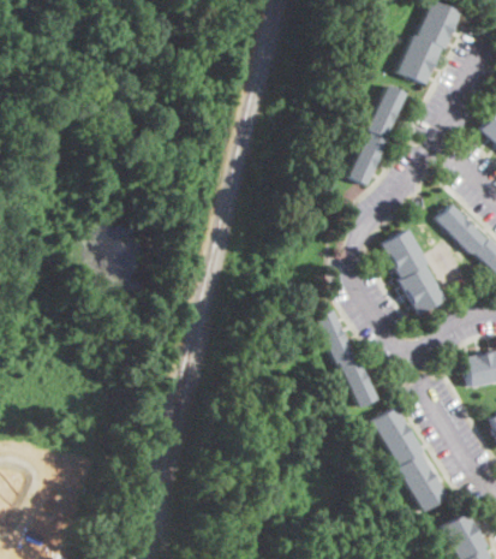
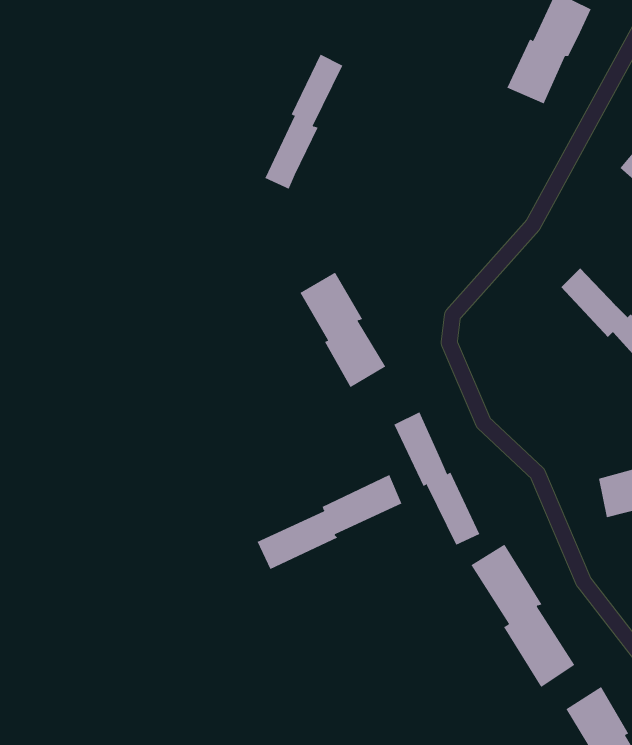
building: [348,87,406,186] -> [265,54,343,190]
building: [382,230,446,315] -> [299,272,386,388]
building: none -> [257,474,402,570]

